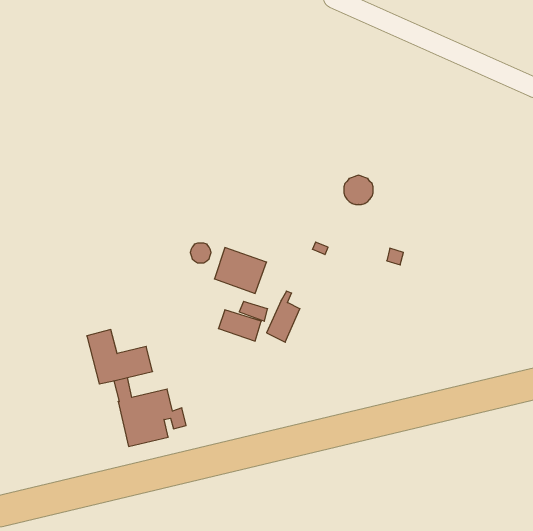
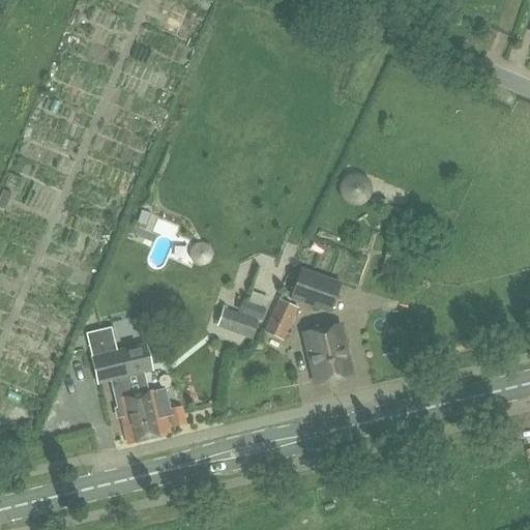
building: [214,248,267,293] -> [290,265,342,311]
building: none -> [304,324,352,383]

